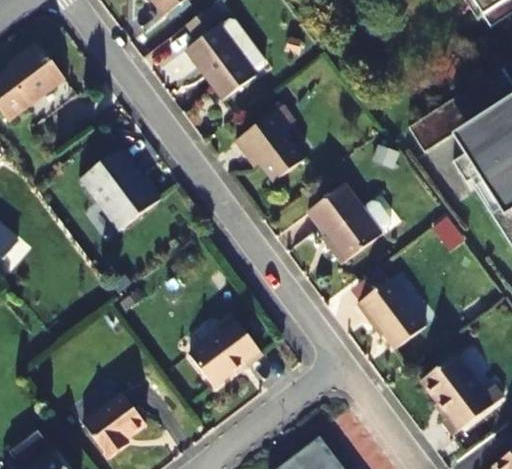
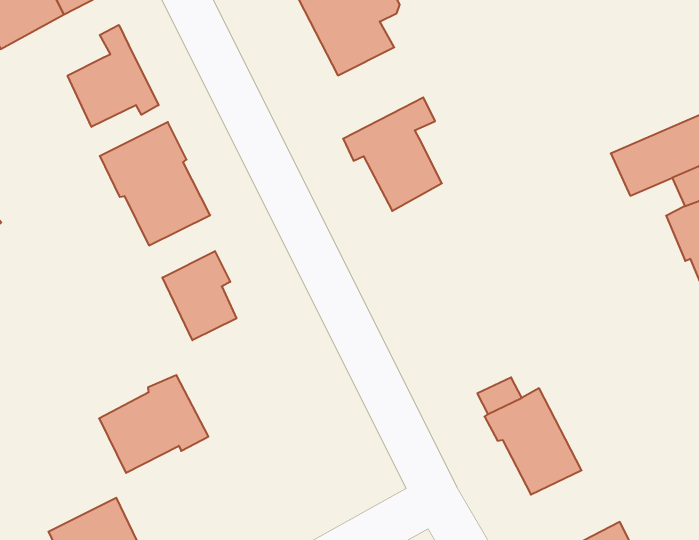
building: none -> [68,25,159,127]
building: [307,184,389,261] -> none
building: none -> [162,251,236,340]
building: [194,321,266,389] -> [99,375,208,473]

